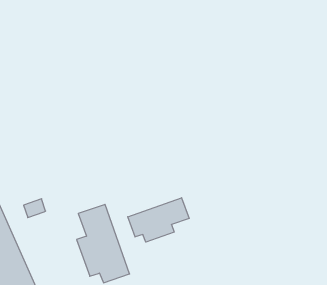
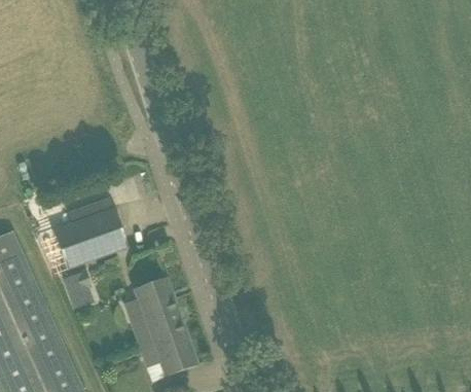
building: none -> [52,208,128,269]
building: [128,198,189,242] -> none

